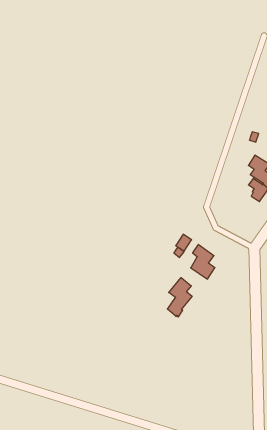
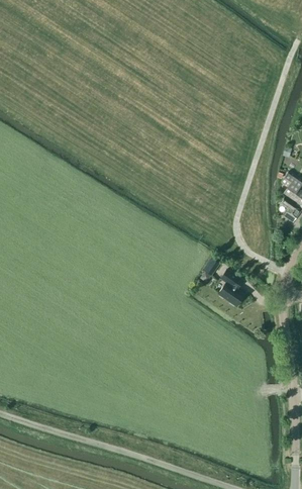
building: [167,278,192,317] -> none

